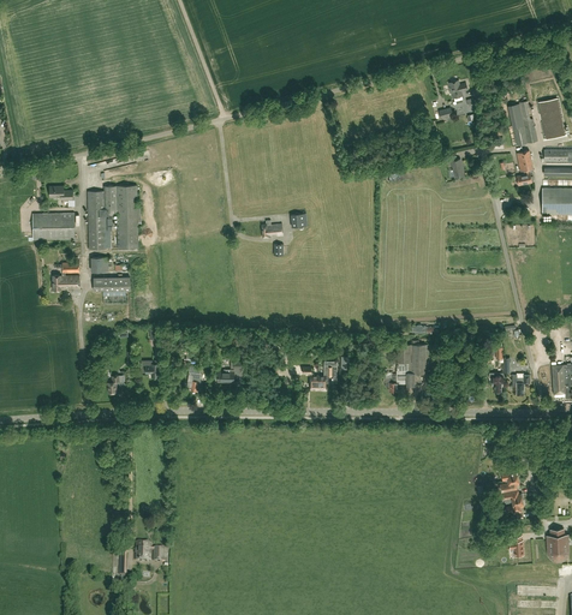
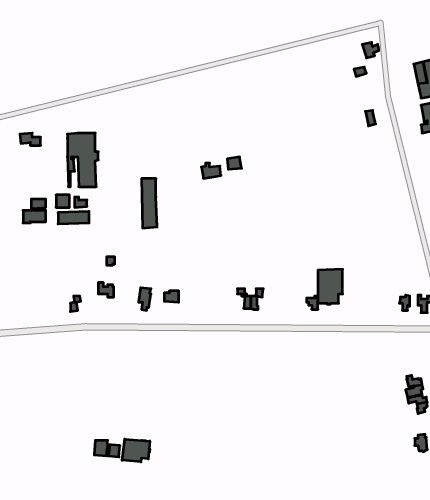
building: [88,192,106,250] -> [142,179,157,228]
building: [32,214,75,240] -> none
building: none -> [122,439,150,462]

